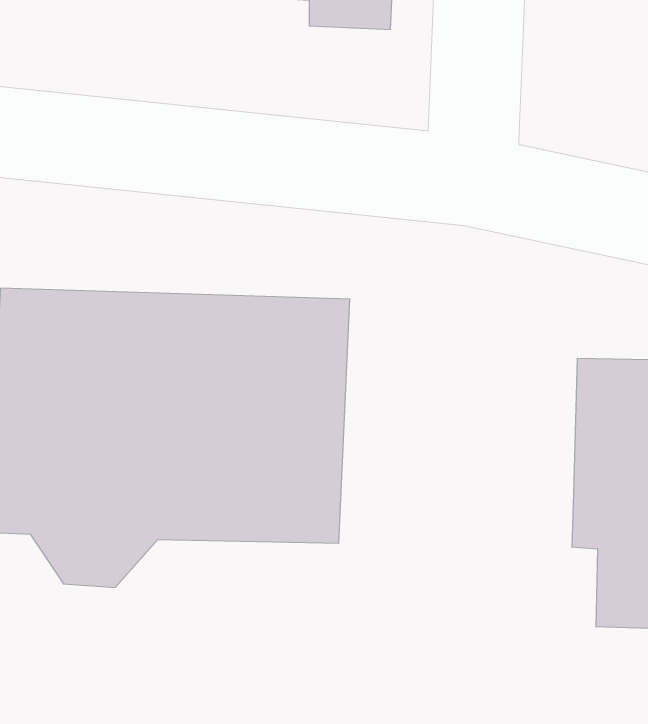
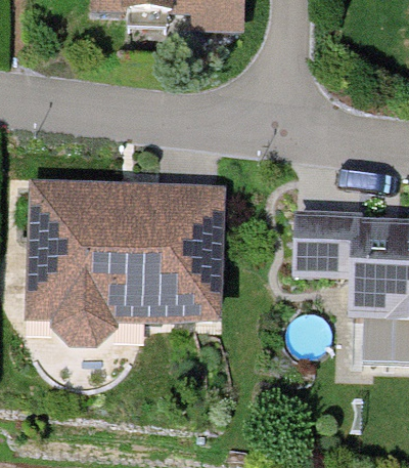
building: none -> [293,205,353,293]

